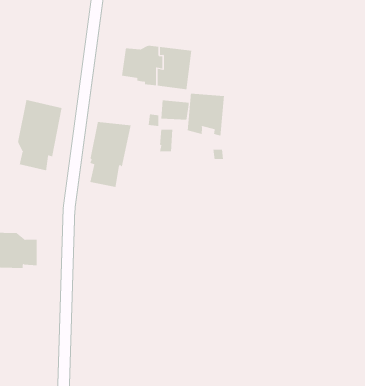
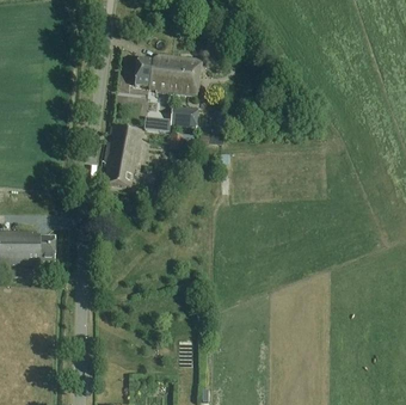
building: [187,93,225,136] -> none
building: [18,99,62,171] -> none

